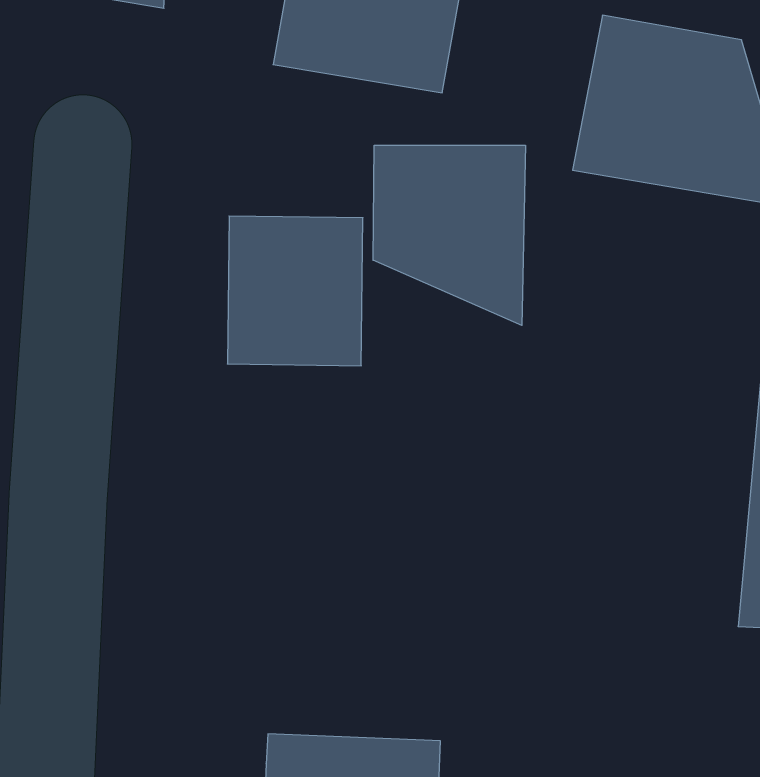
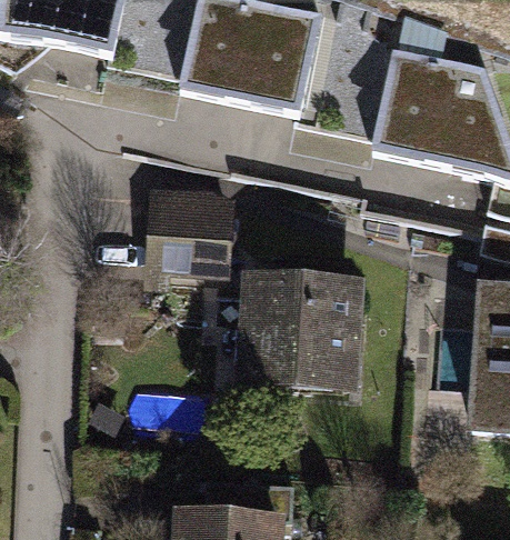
building: [373,145,525,325] -> none
building: none -> [250,268,367,382]

